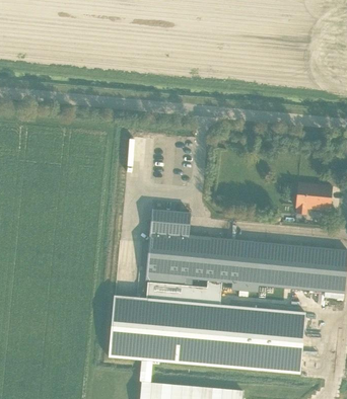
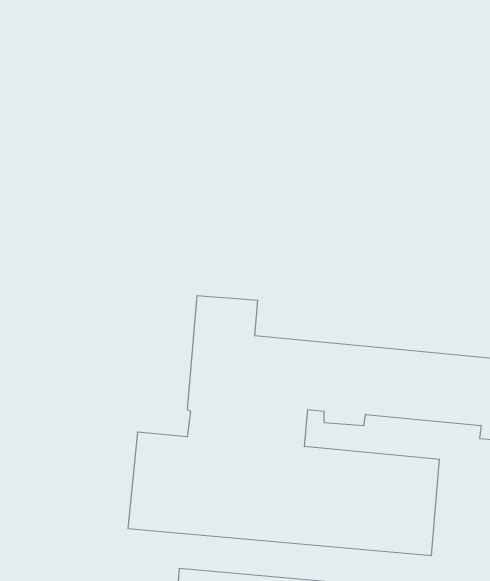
building: [299,181,333,212] -> none

